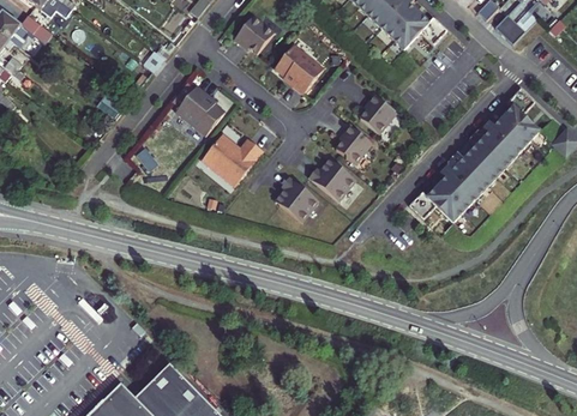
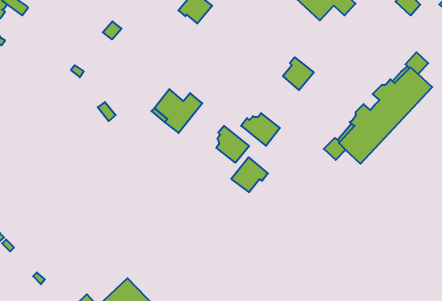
building: [275,44,324,95] -> none
building: [176,85,224,135] -> none
building: [336,126,372,164] -> none
building: none -> [231,157,268,192]

